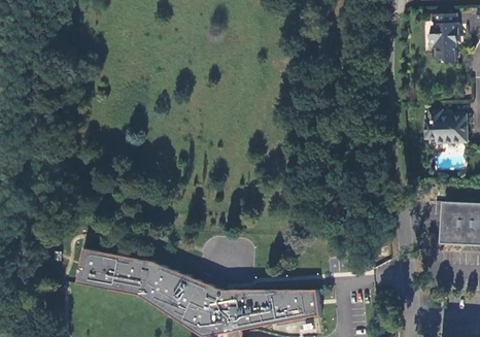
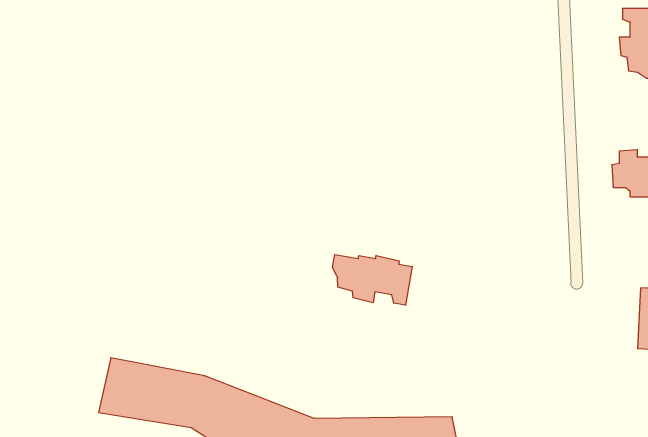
building: none -> [333,255,412,305]

